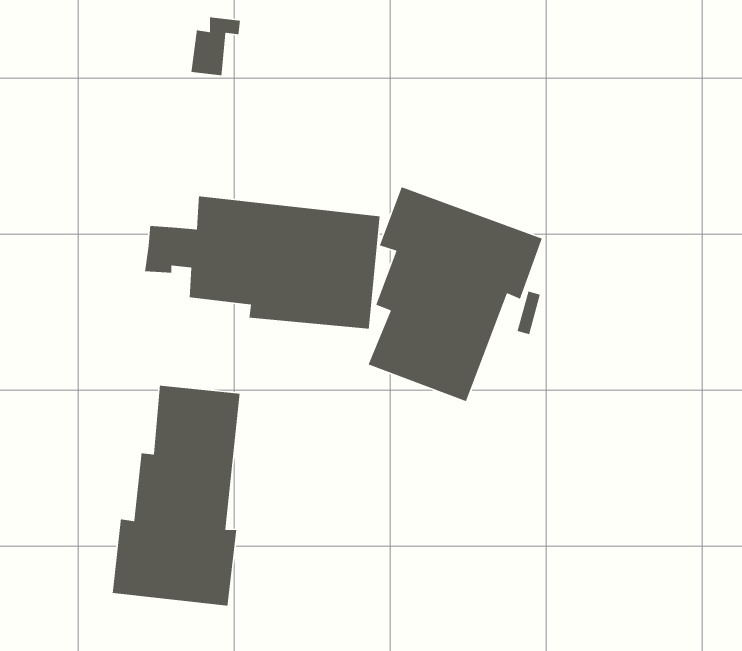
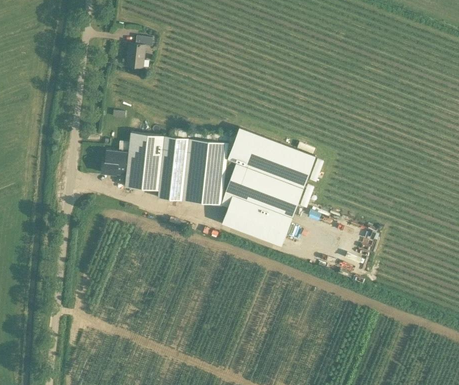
building: [112,385,240,606] -> none

